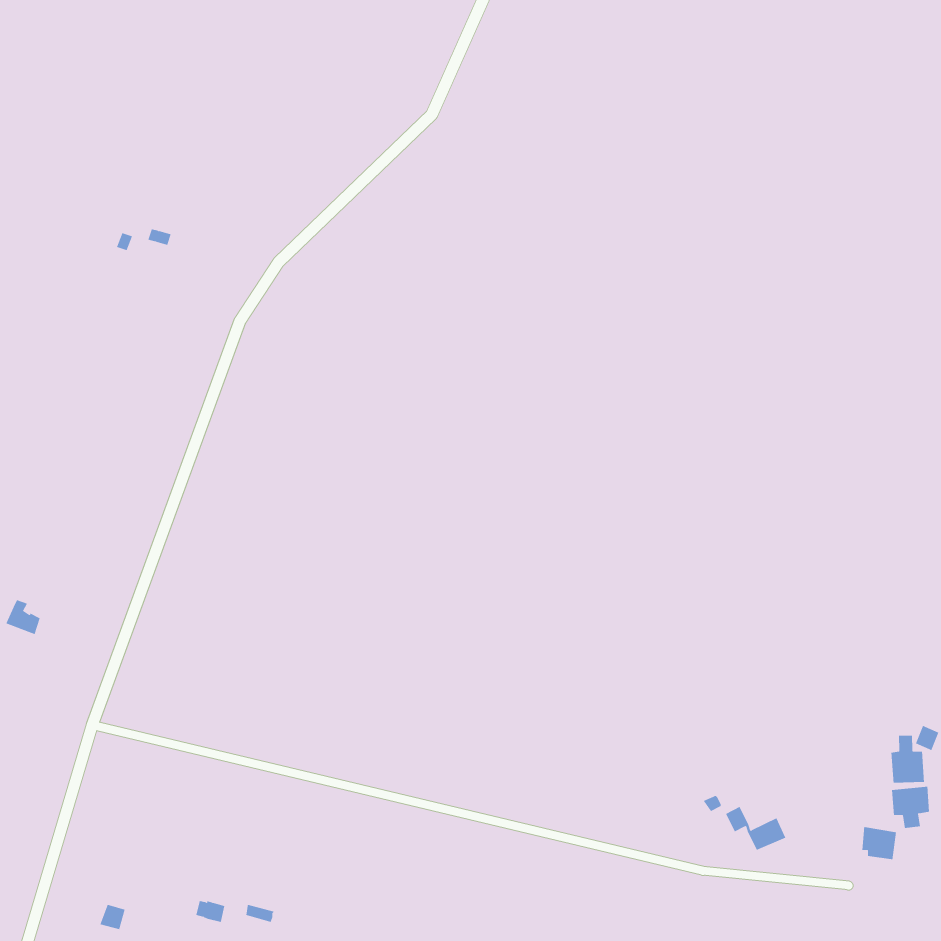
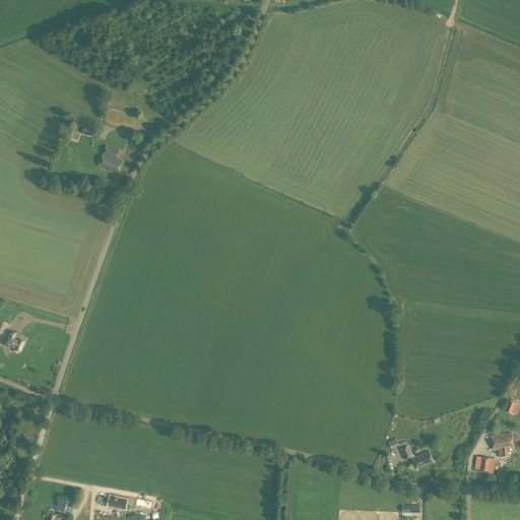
building: none -> [99,144,122,172]
building: [891,735,925,783] -> none

